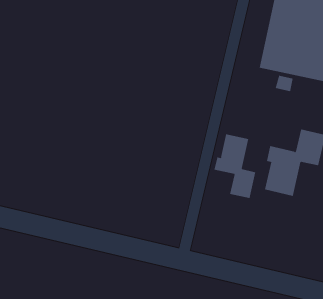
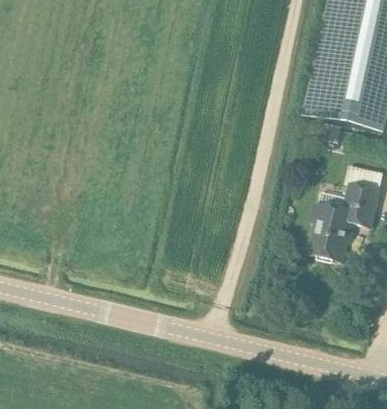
building: [214,134,256,199] -> none

